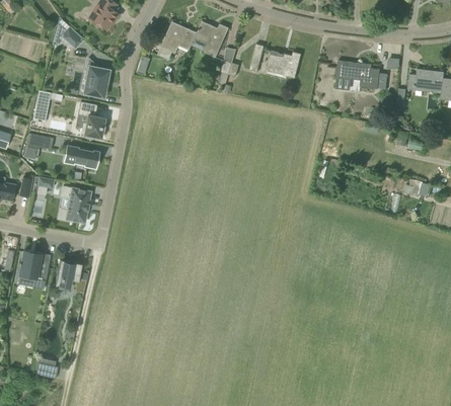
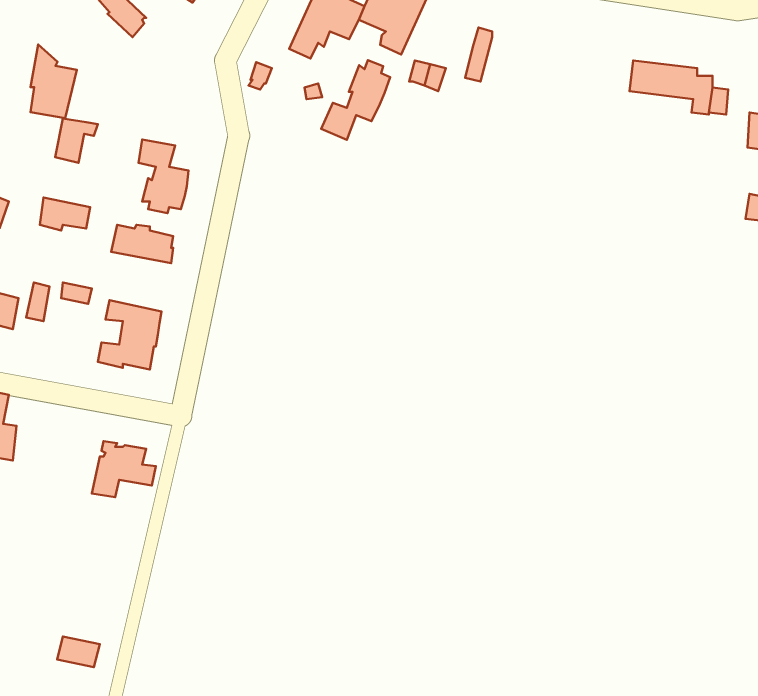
building: [268,51,301,78] -> none
building: [84,58,108,96] -> [30,45,77,118]
building: none -> [321,60,390,140]
building: [18,251,46,291] -> none

